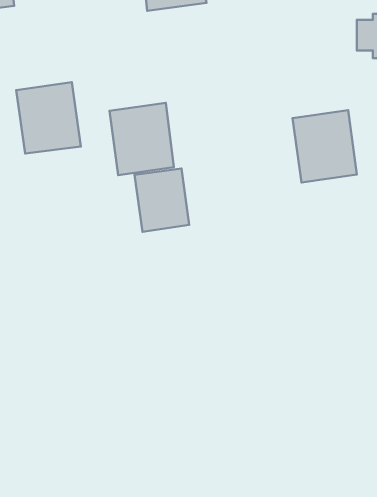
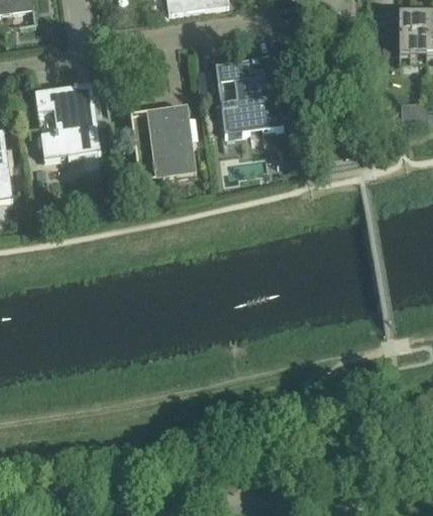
building: [293,110,357,182] -> [217,59,283,132]
building: [135,169,189,232] -> none

